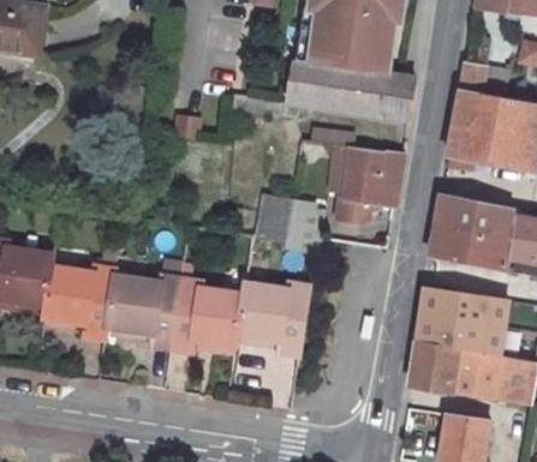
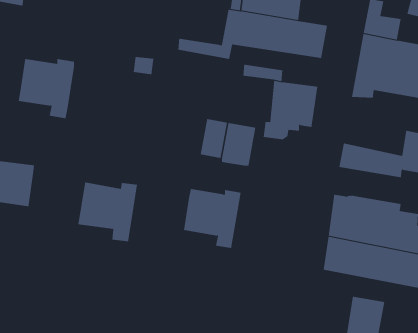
building: [435,194,512,240] -> none
building: [43,263,114,337] -> [18,59,75,119]
building: [169,276,243,350] -> none

